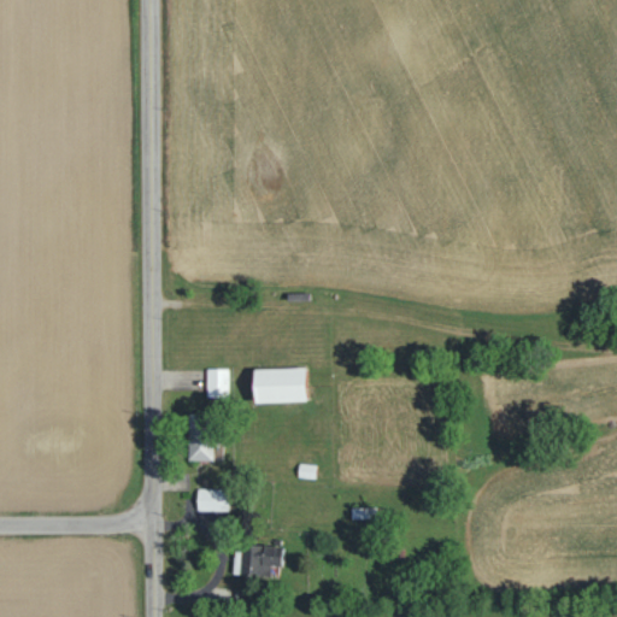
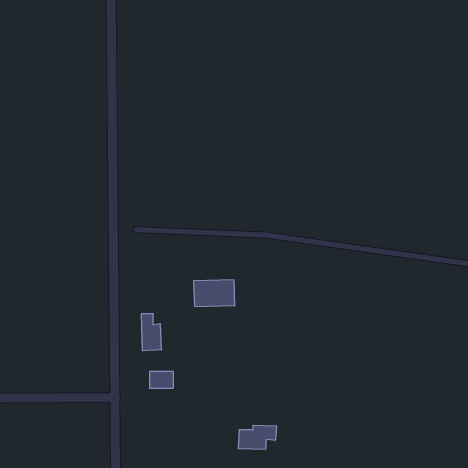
building: [205,369,228,398] -> none
building: [233,546,283,577] -> [238,425,277,449]

